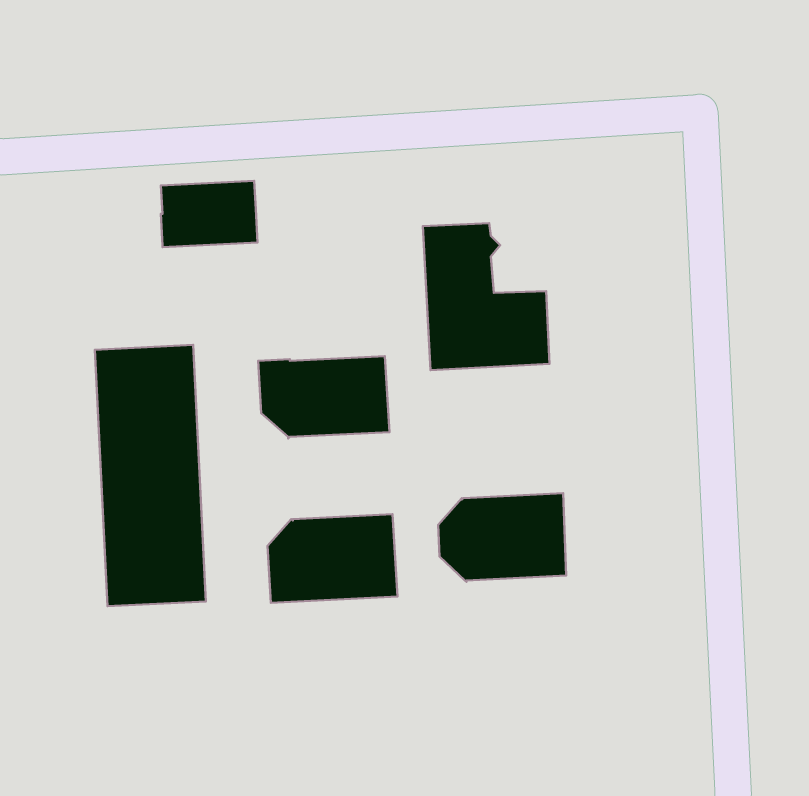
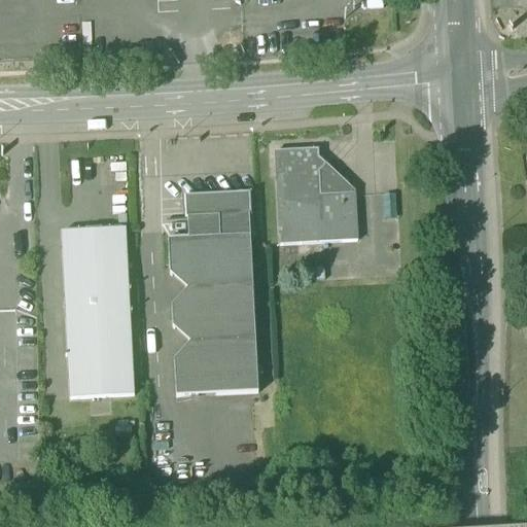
building: [161,181,257,247] -> [187,191,250,235]
building: [438,493,566,582] -> [172,281,255,339]

